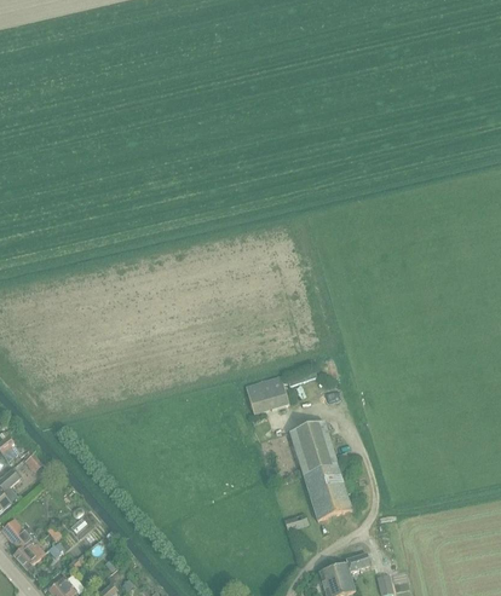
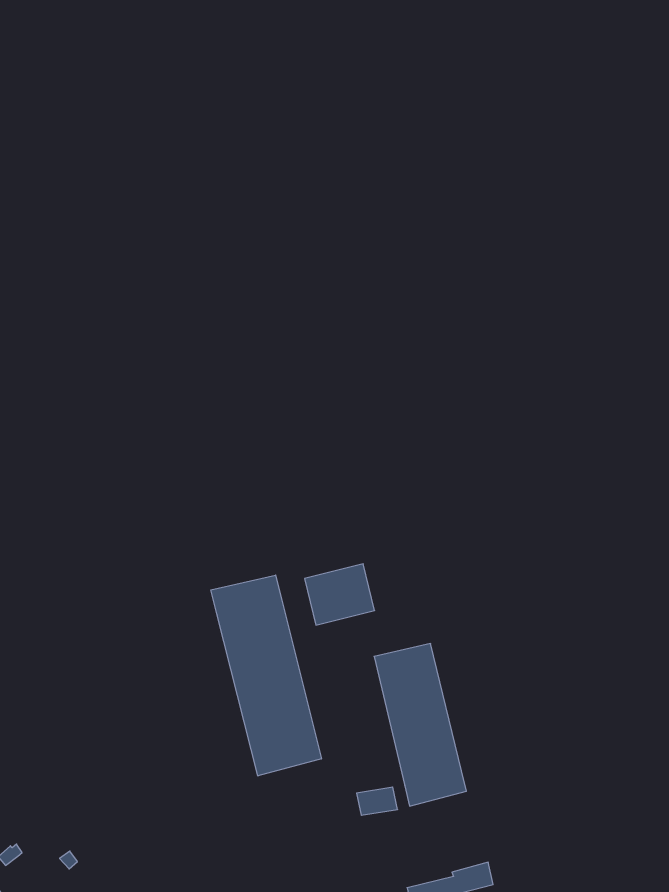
building: none -> [211,575,321,776]

